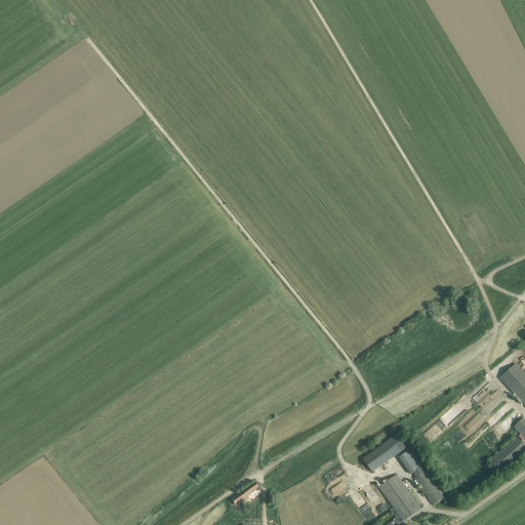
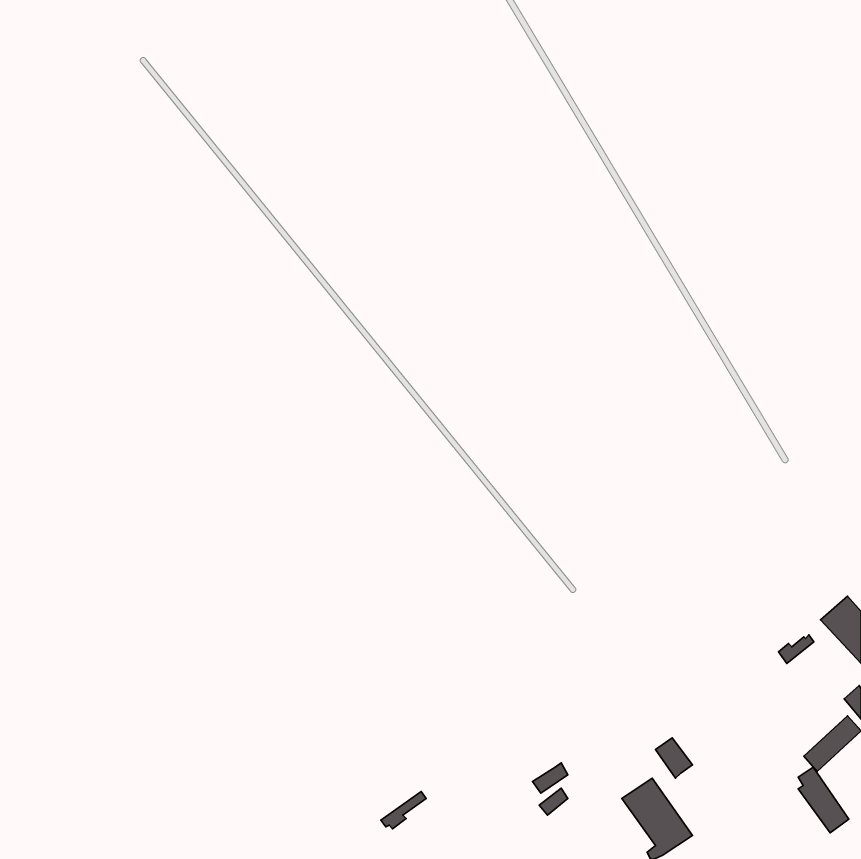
building: [363,435,405,472] -> none
building: [414,465,445,504] -> [798,767,849,833]

